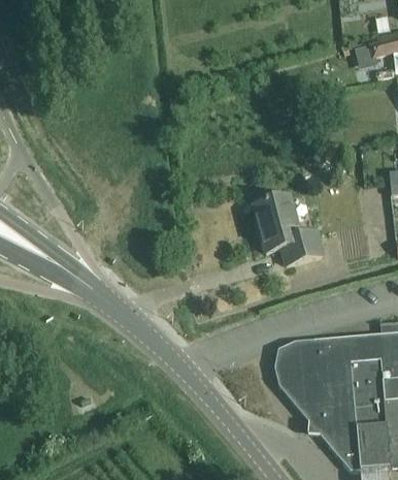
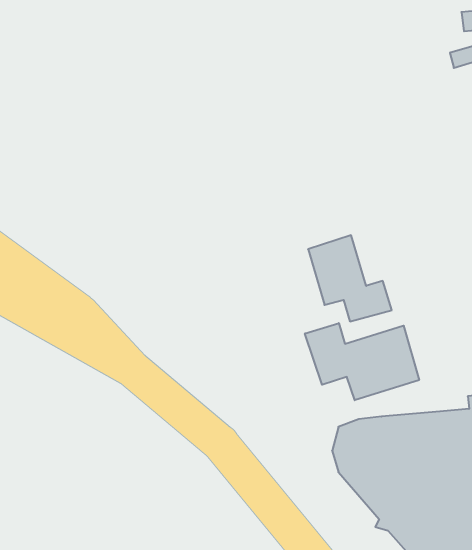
building: none -> [305,323,419,400]

